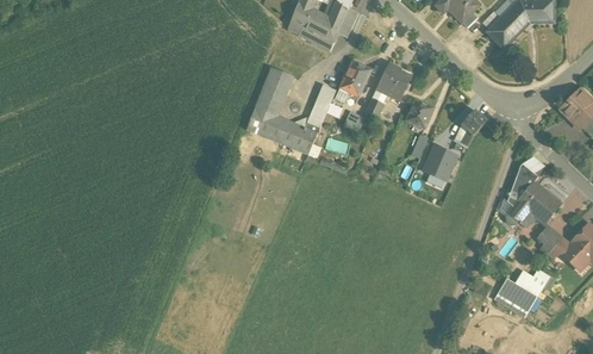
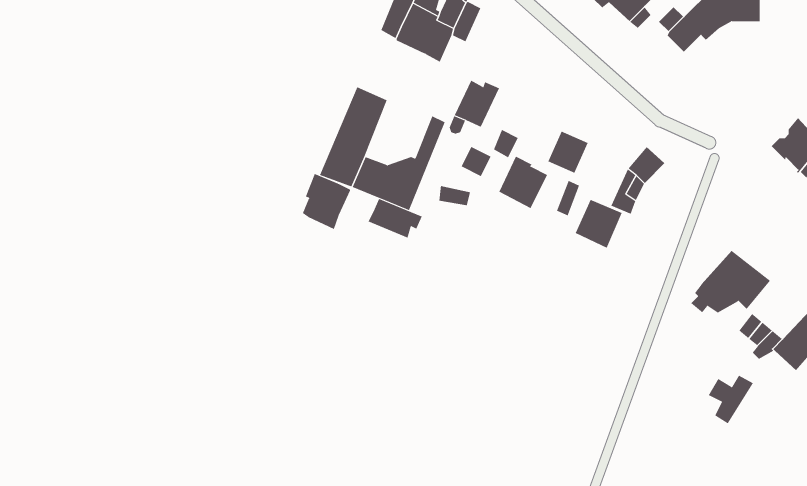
building: [377,62,412,99] -> [499,156,548,209]
building: none -> [302,173,351,230]
building: none -> [368,198,422,238]
building: [507,161,538,205] -> none
building: [493,275,531,315] -> none

